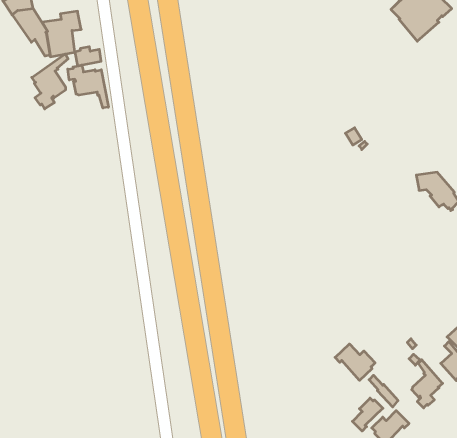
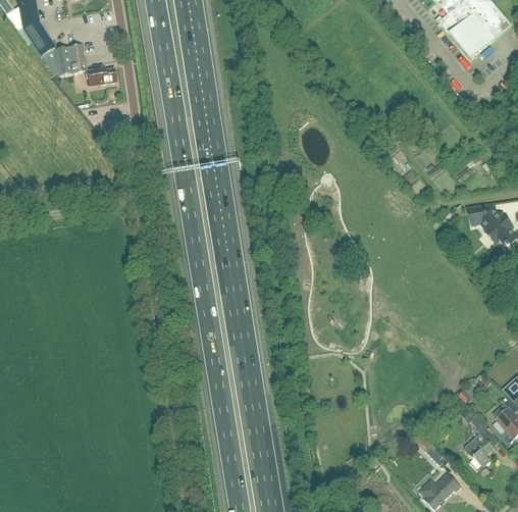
building: [32,54,68,109] -> none
building: [68,65,108,108] -> none
building: [335,344,375,380] -> none
building: [352,398,383,431] -> none

